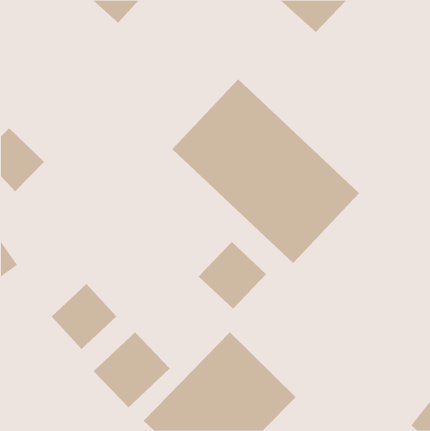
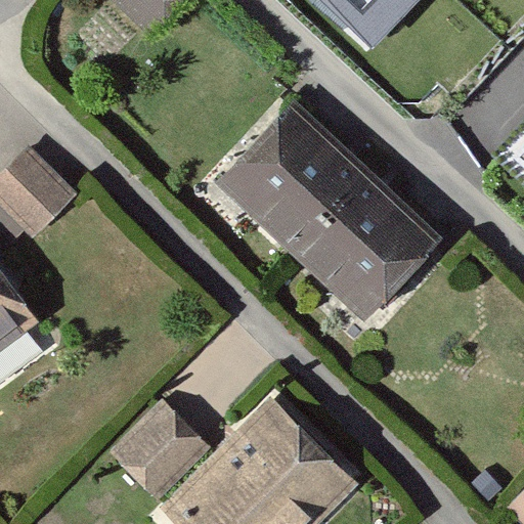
building: [198,241,267,310] -> none
building: [51,283,117,350] -> none

